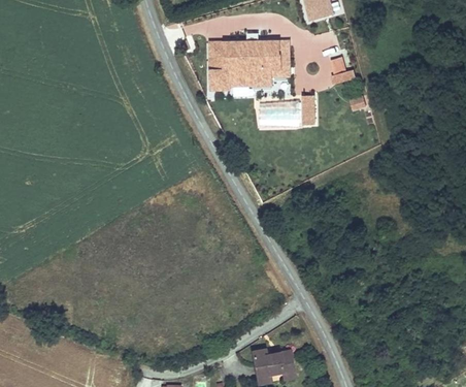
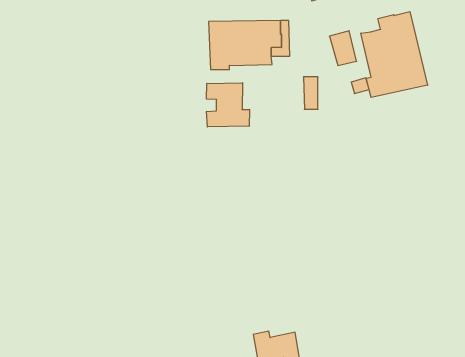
building: none -> [361,12,428,97]
building: none -> [207,83,249,127]

